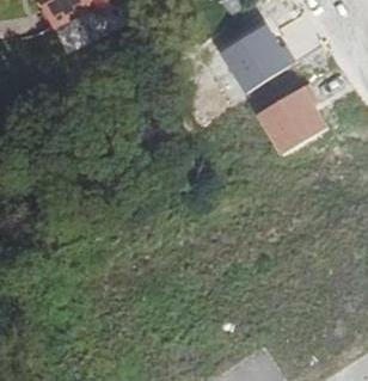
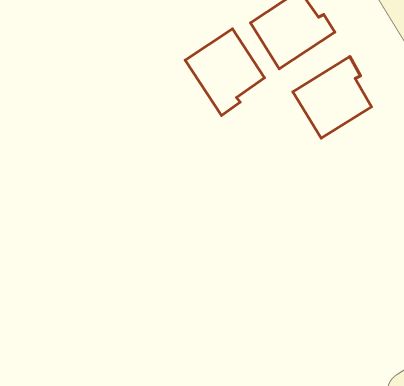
building: none -> [185,29,264,115]

